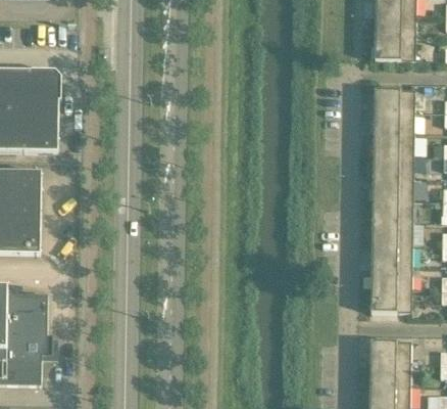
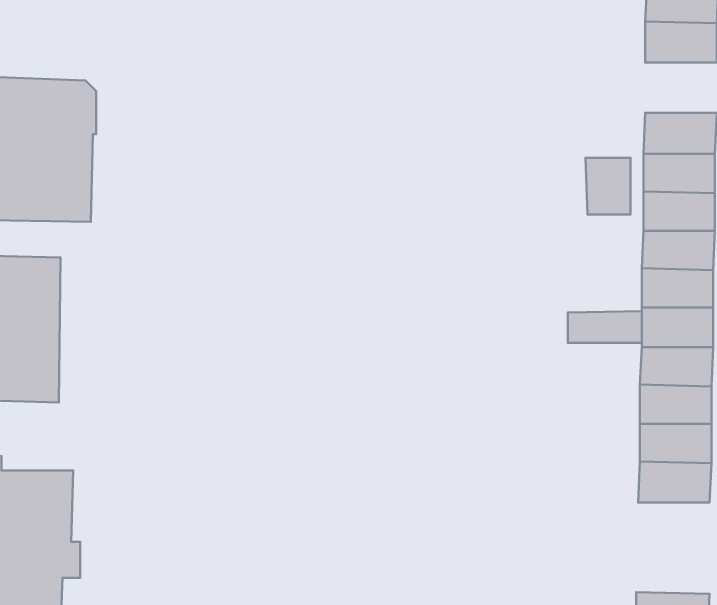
building: none -> [585,158,631,214]
building: none -> [568,311,642,343]
building: [369,340,411,364] -> none

